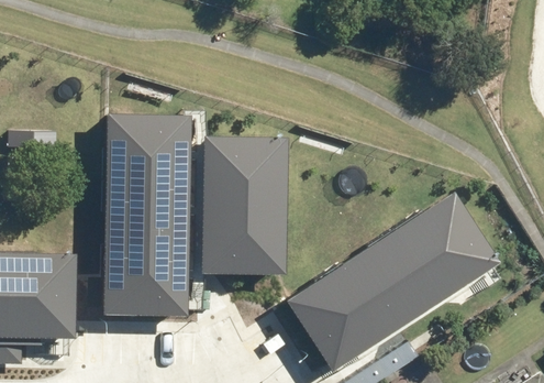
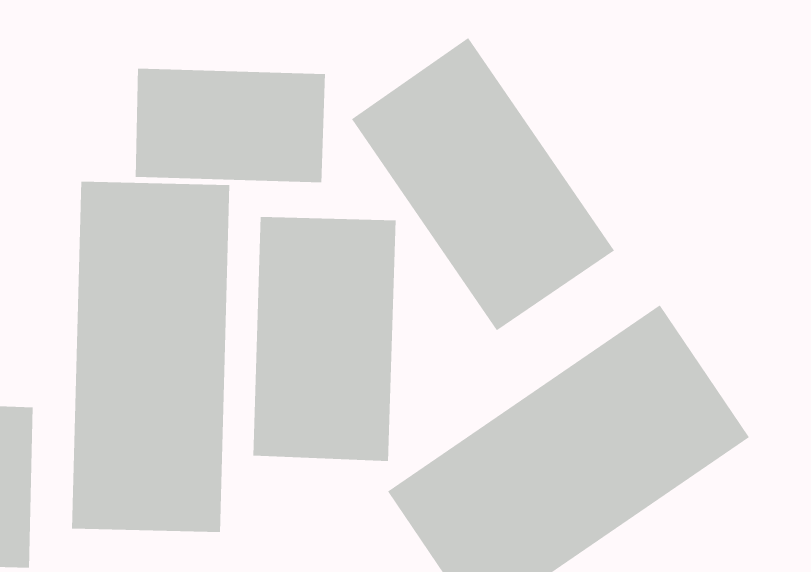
building: none -> [351,37,615,331]
building: none -> [135,68,326,183]

